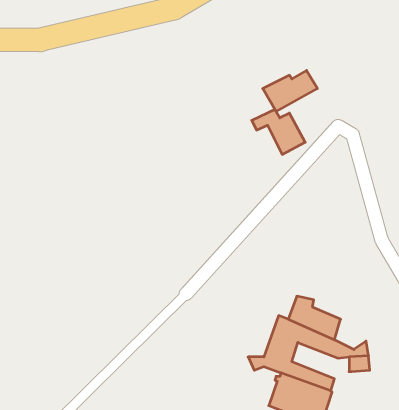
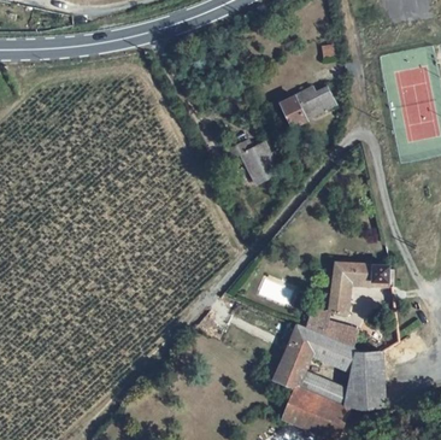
building: [252,109,305,154] -> [224,141,277,186]
building: none -> [328,263,387,313]
building: none -> [365,380,387,407]

